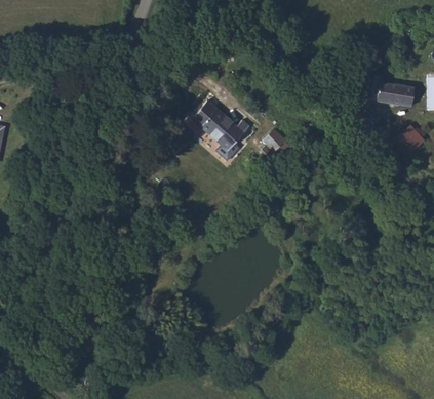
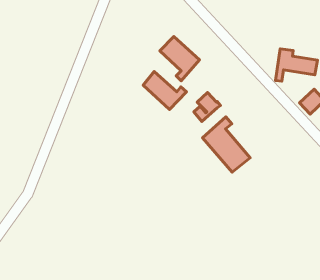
building: none -> [160,37,199,81]
building: none -> [203,117,250,172]

